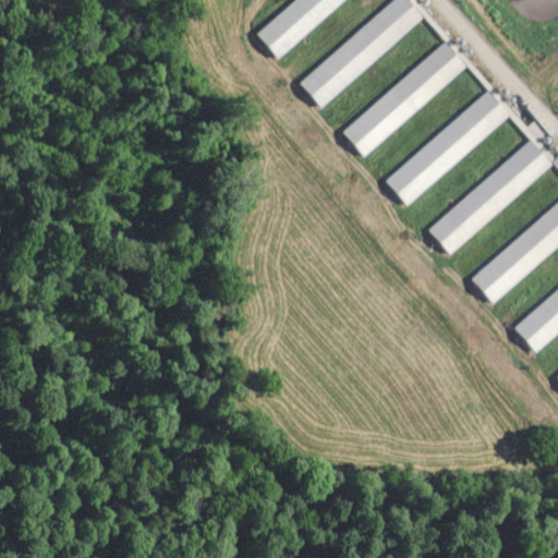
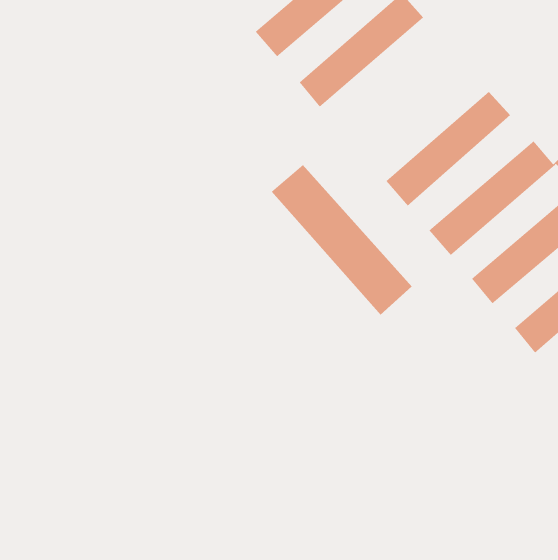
building: [342,41,468,156] -> none
building: none -> [271,164,413,315]

